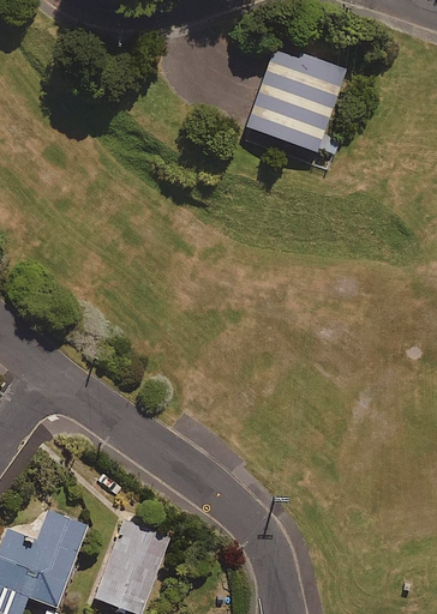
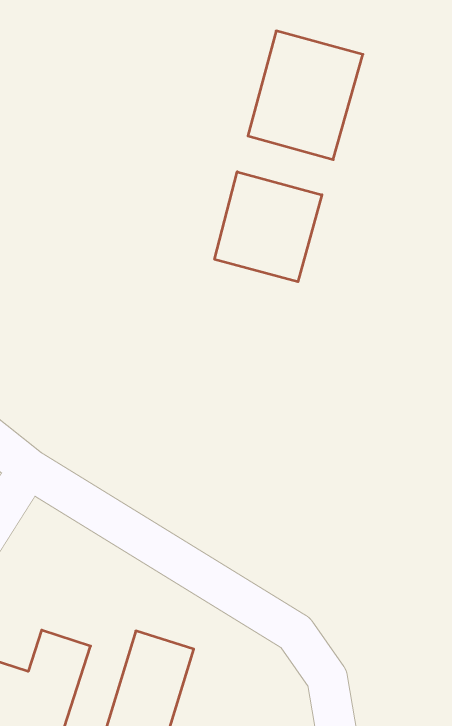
building: none -> [215,172,322,282]

